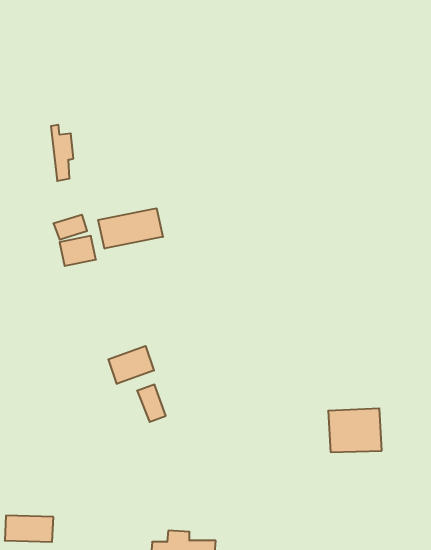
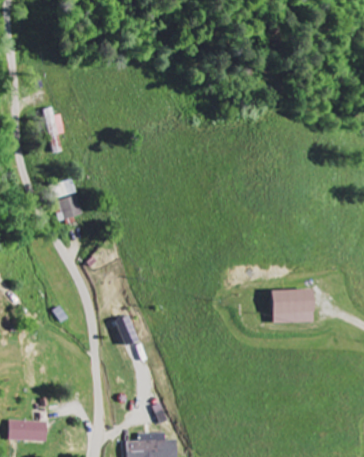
building: [98,208,163,249] -> none
building: [108,346,154,384] -> none
building: [328,408,382,452] -> [271,288,314,323]

